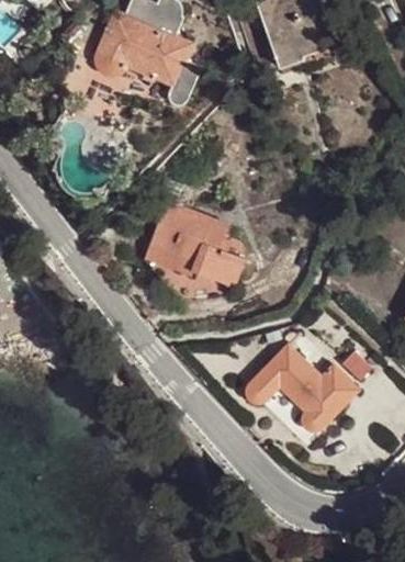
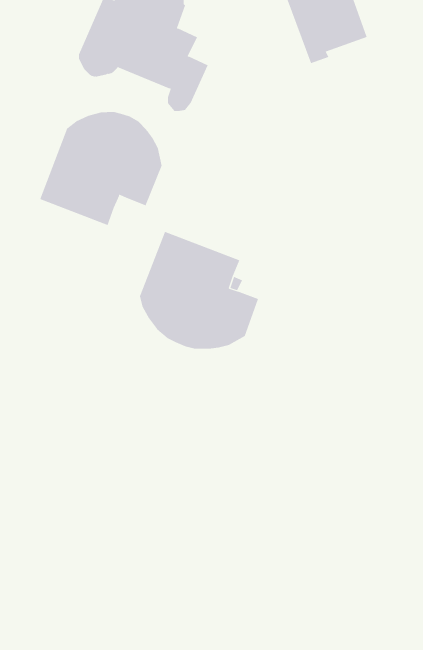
building: none -> [39,111,162,226]
building: [245,345,358,431] -> none

